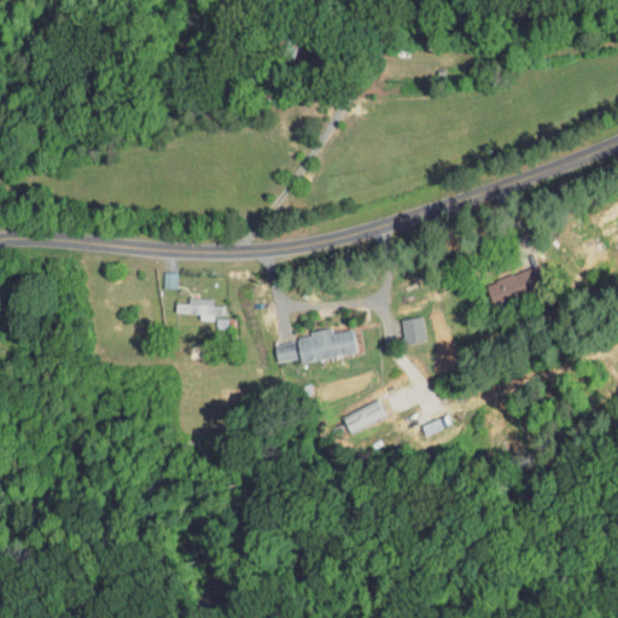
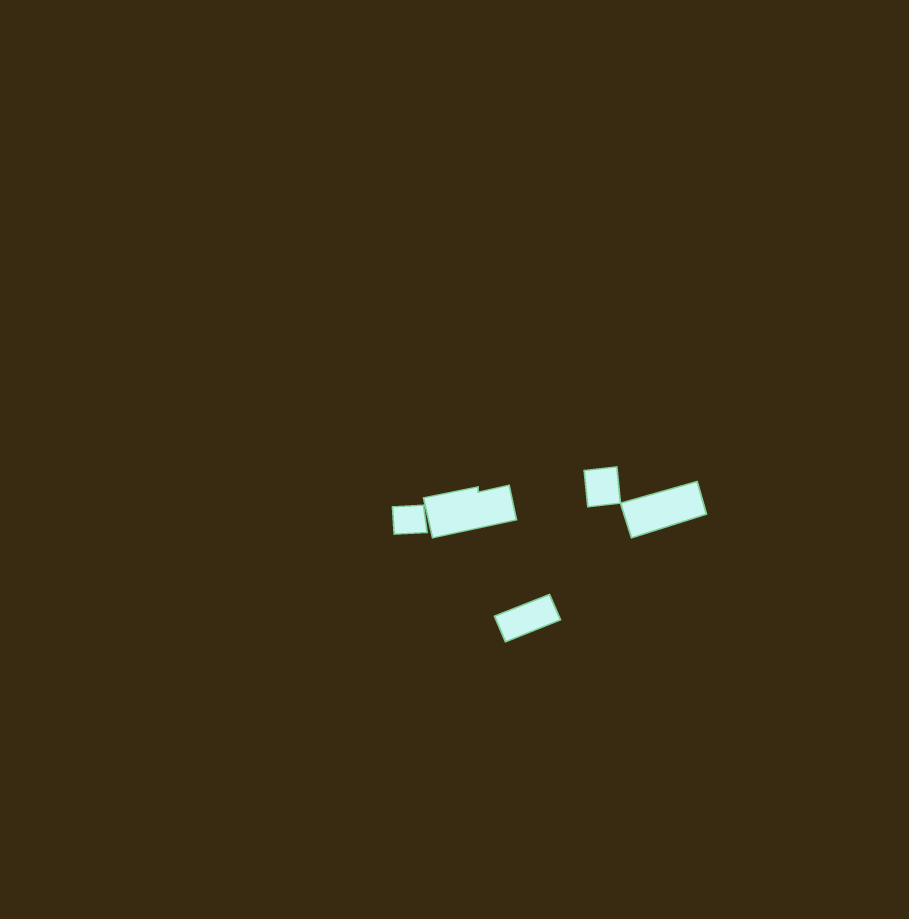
building: [485,269,542,307] -> [621,481,706,538]
building: [176,298,225,322] -> none

